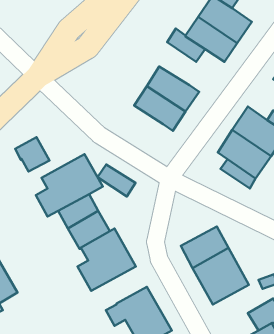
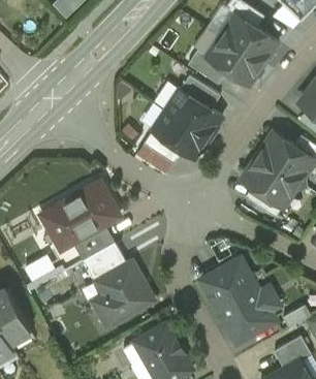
building: none -> [180,76,220,109]
building: [15,137,49,171] -> none
building: [98,164,135,197] -> [144,131,184,165]

